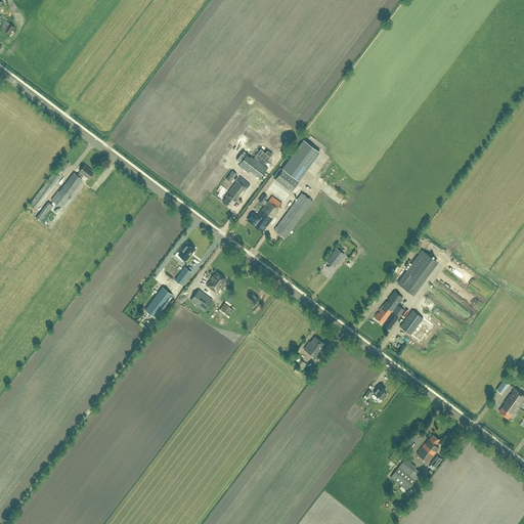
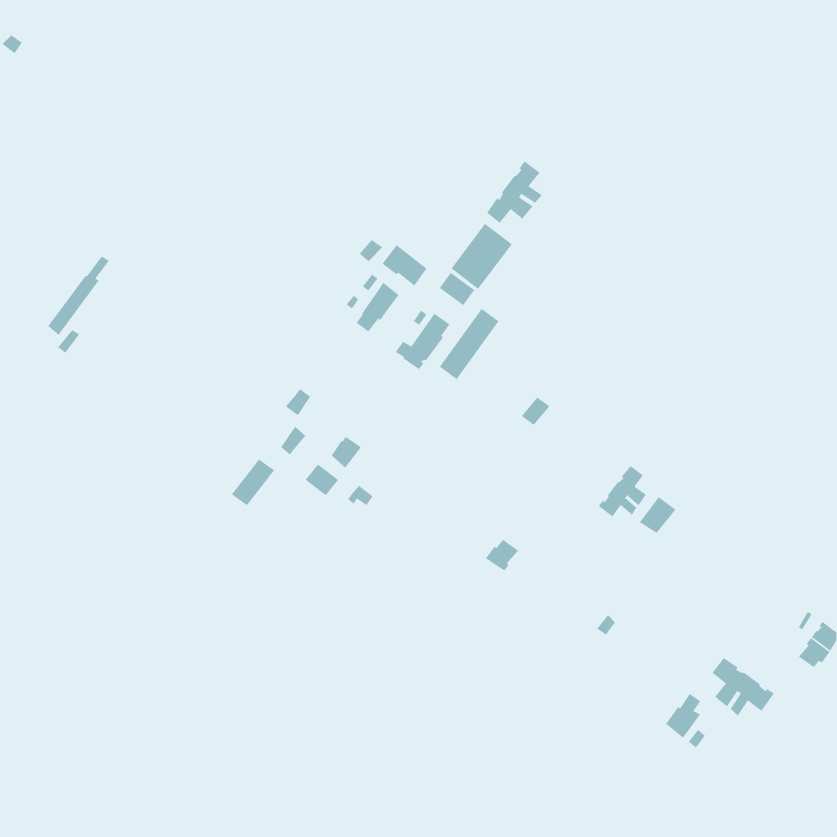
building: none -> [486,161,543,224]
building: [51,165,93,208] -> none
building: [397,252,437,296] -> none
building: none -> [712,657,775,717]
building: [390,458,421,492] -> none

